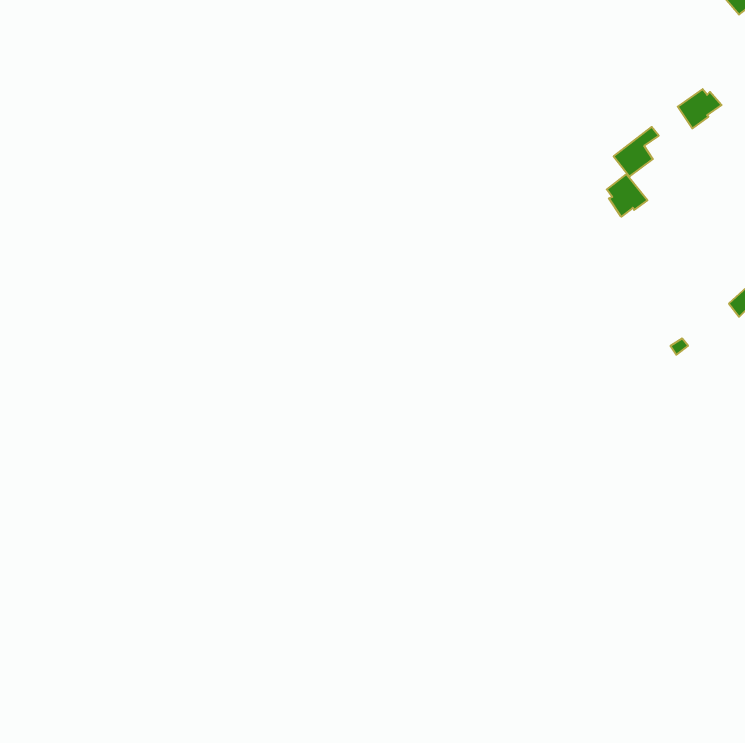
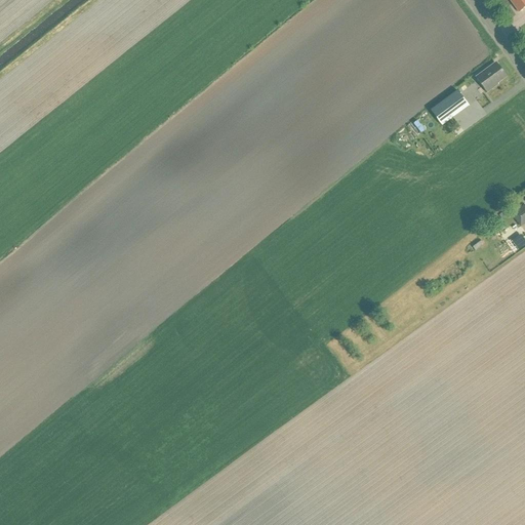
building: [607,174,647,217] -> none

